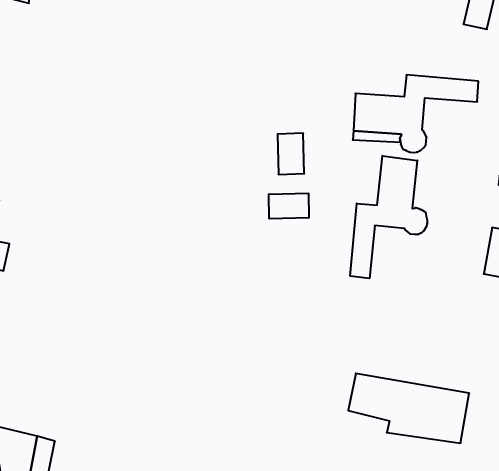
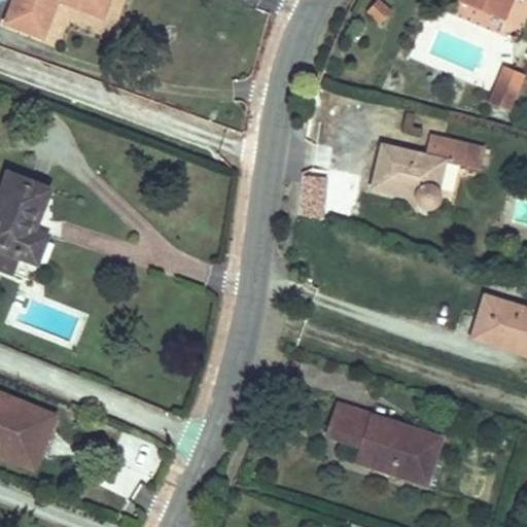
building: [350,156,427,278] -> none
building: [269,193,309,219] -> none

